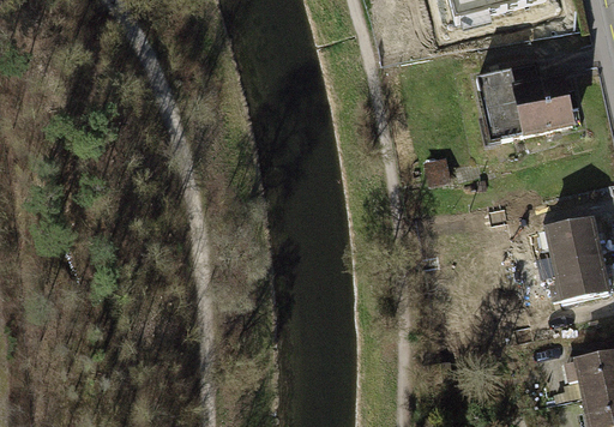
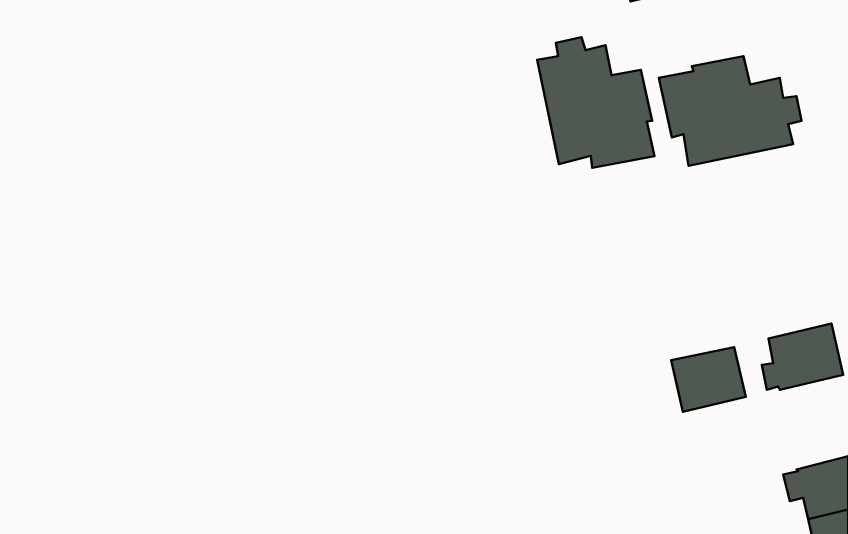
building: none -> [537,37,654,168]
building: [547,217,601,264] -> [671,347,746,412]

